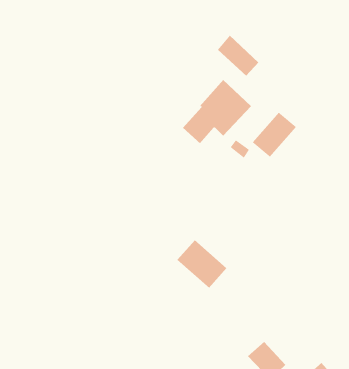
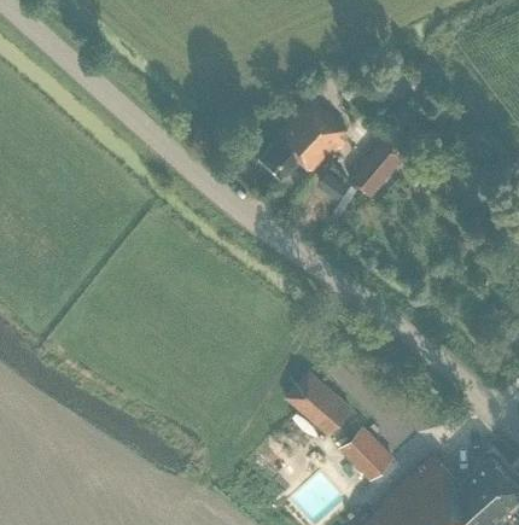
building: [217,35,259,77] -> none
building: [177,240,227,288] -> [288,378,352,439]

